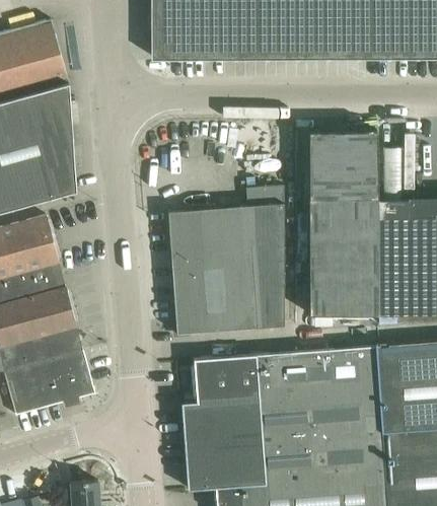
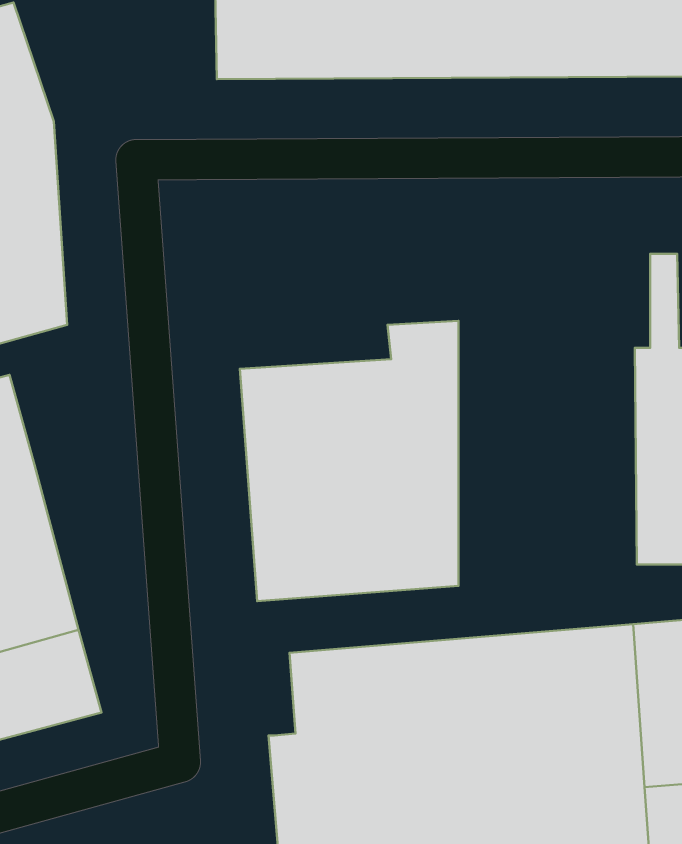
building: [307,132,377,316] -> none

